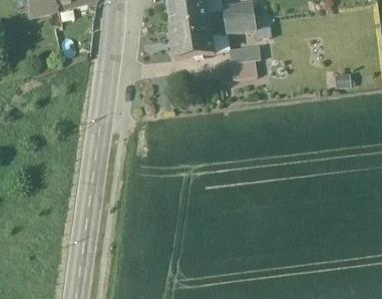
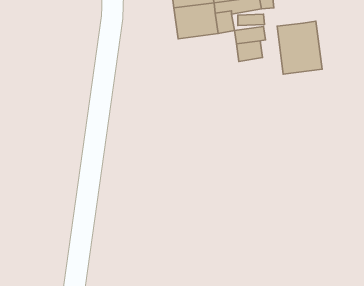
building: none -> [277,21,322,74]

